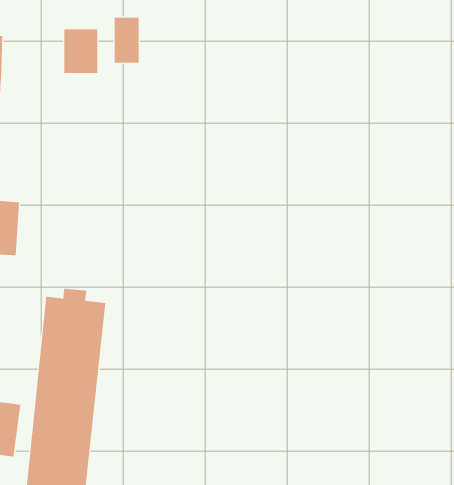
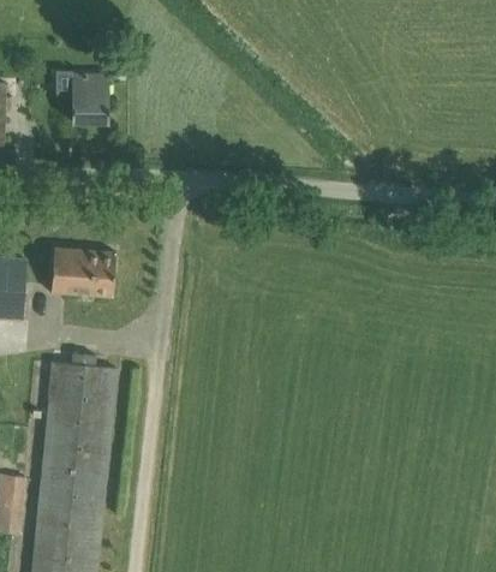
building: [114,17,139,63] -> none
building: none -> [49,248,114,296]

